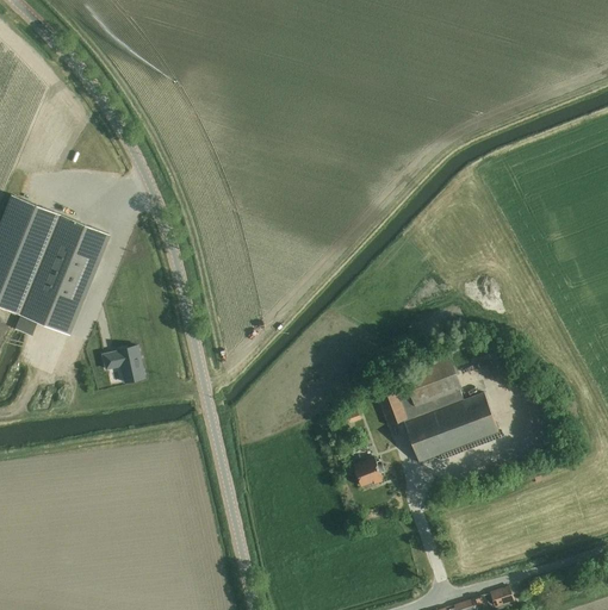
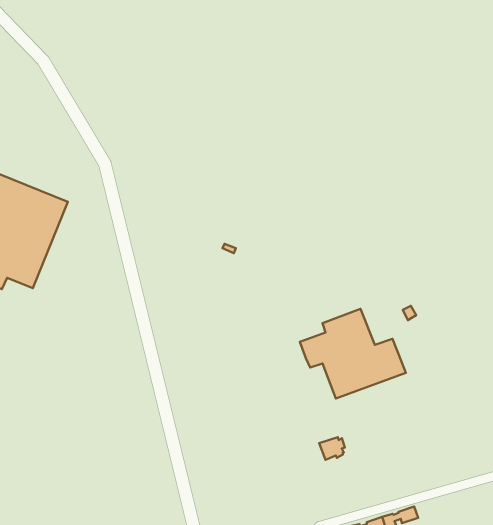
building: [103,347,144,384] -> none
building: [353,460,383,486] -> [319,437,345,460]

